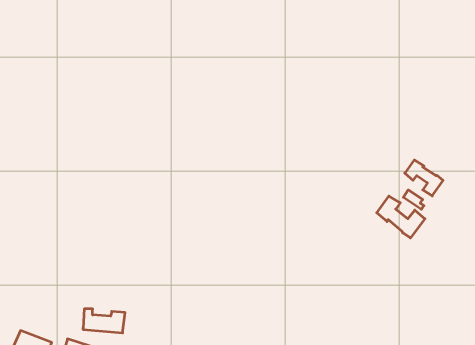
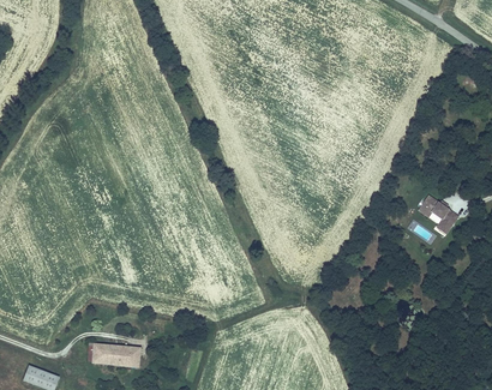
building: [377,196,425,238] -> none

